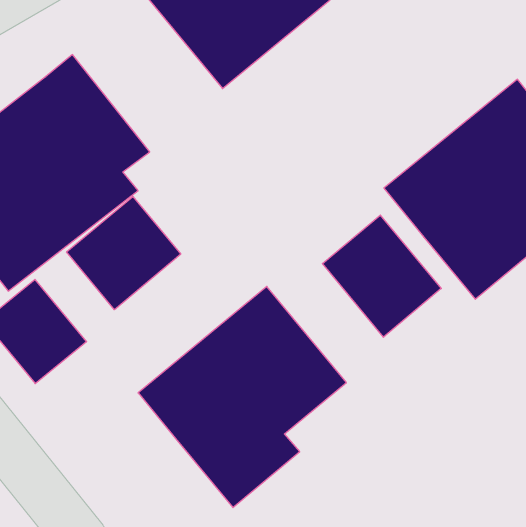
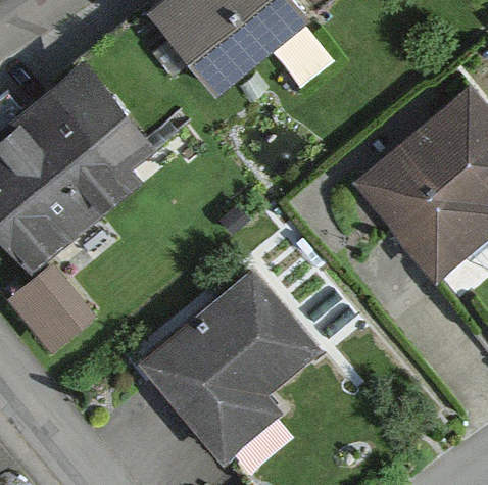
building: [67,196,181,310] -> none
building: [322,215,441,337] -> none

